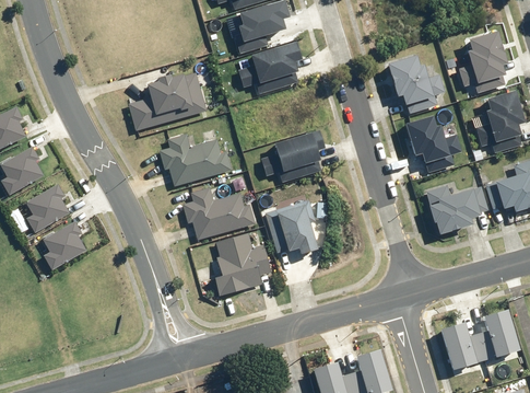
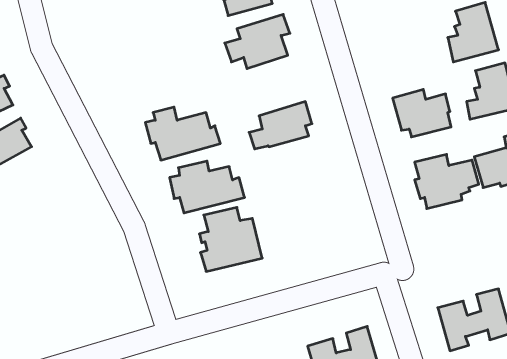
building: [385,55,445,106] -> none
building: [128,72,207,130] -> none
building: [27,183,70,231] -> none
building: [263,199,317,256] -> none
building: [45,219,89,266] -> none

